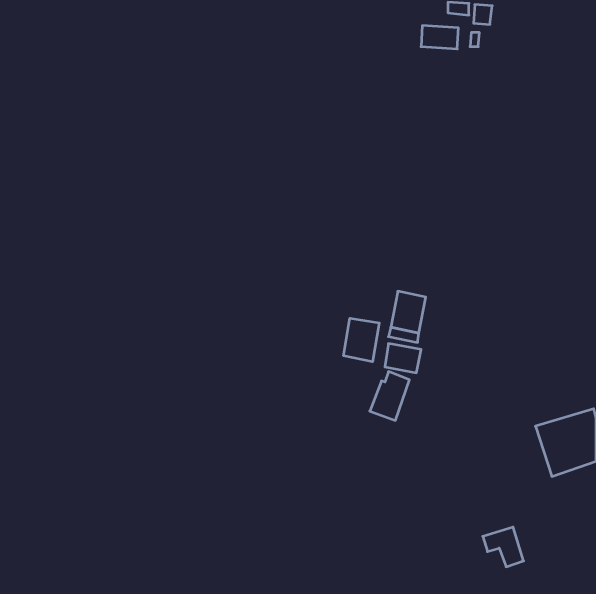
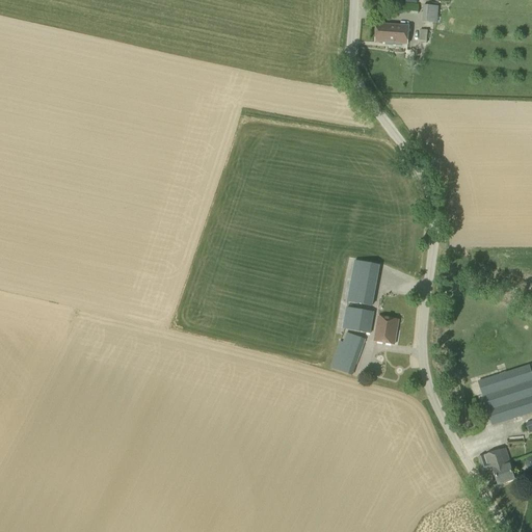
building: [344,318,379,362] -> none
building: none -> [374,317,397,343]
building: [483,527,524,567] -> [478,448,514,483]

